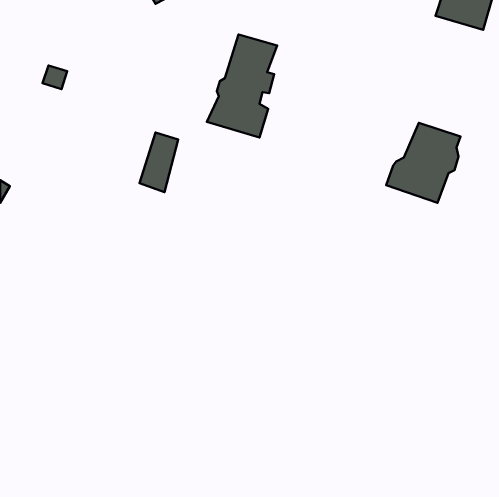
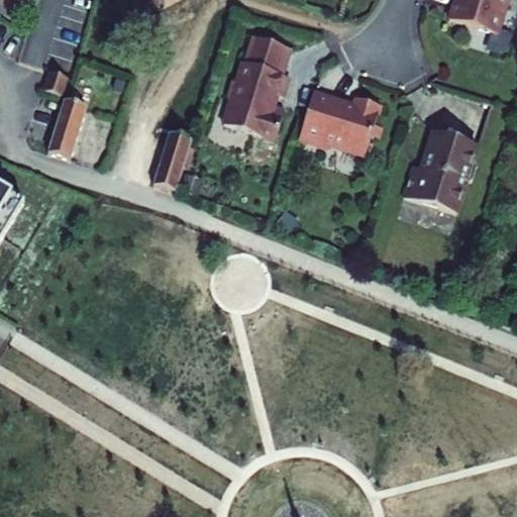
building: none -> [297,92,379,154]
building: none -> [53,95,95,154]

